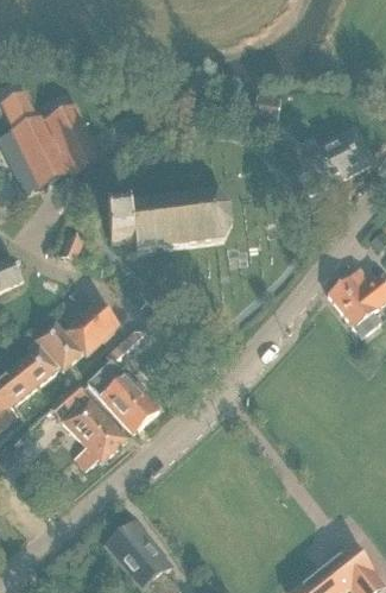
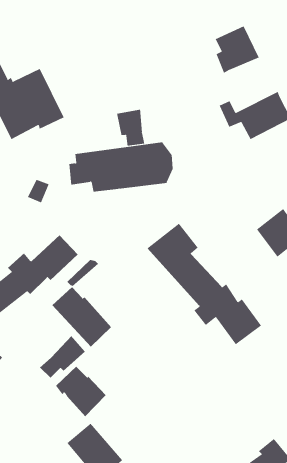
building: none -> [215,25,259,74]
building: none -> [117,109,145,146]
building: none -> [147,223,262,345]
building: [51,384,112,444] -> [55,366,106,417]

